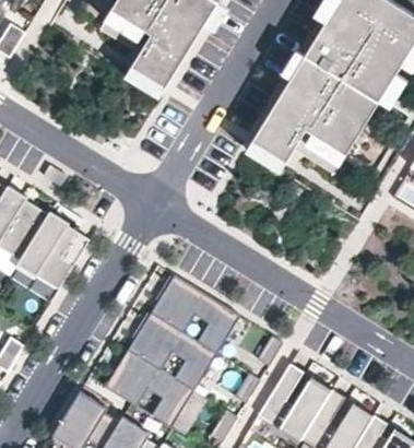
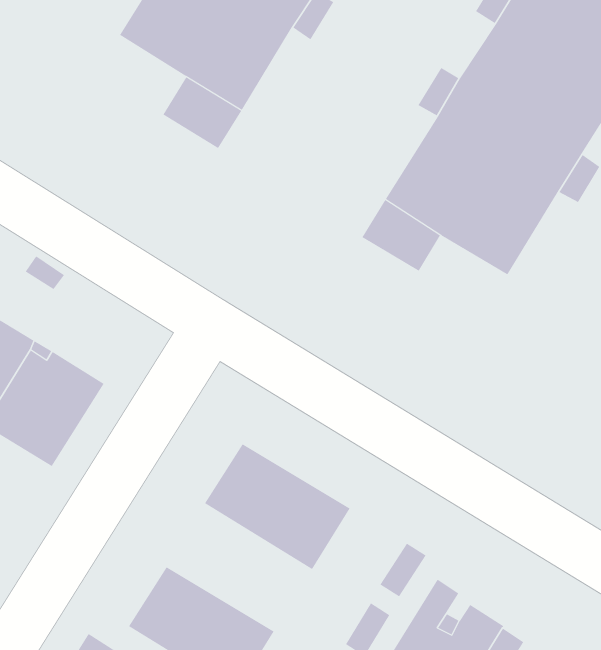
building: [126,313,214,390] -> none

